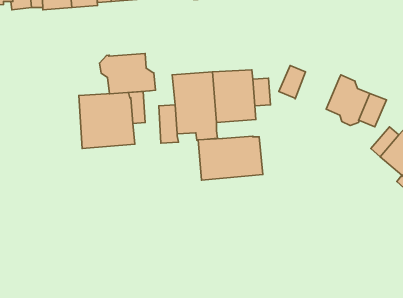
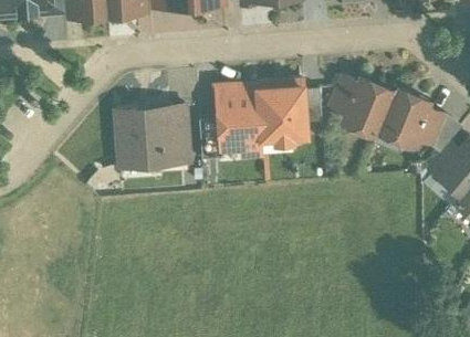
building: [99,53,155,94] -> none
building: none -> [344,84,393,129]
building: [198,136,263,180] -> none

